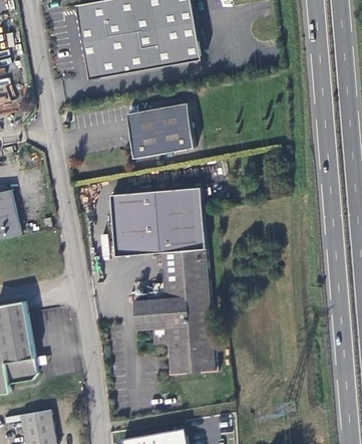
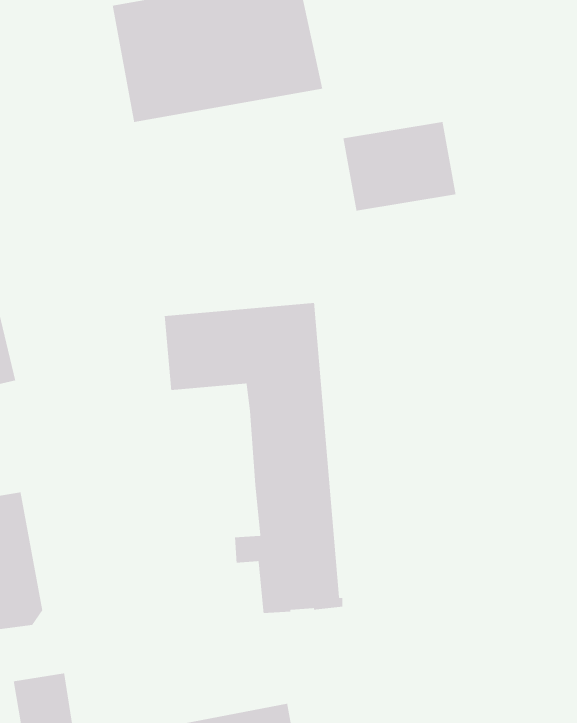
building: [125,102,194,157] -> [342,121,457,212]
building: [112,236,159,256] -> none
building: [132,296,165,329] -> none

